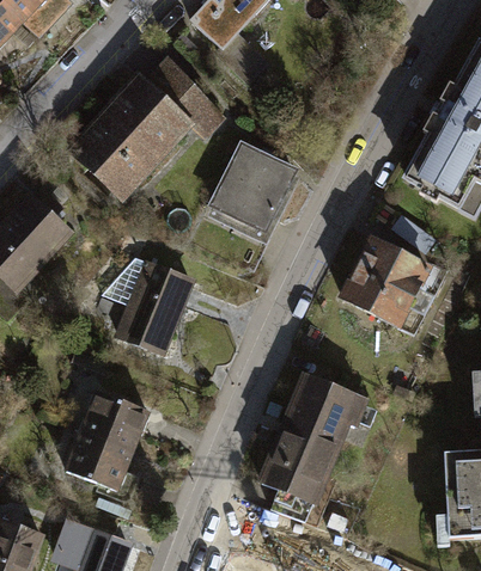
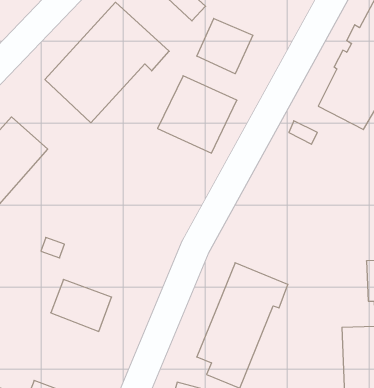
building: none -> [197,18,253,74]
building: [345,231,440,326] -> none
building: [96,253,196,356] -> none
building: [65,431,139,495] -> none

